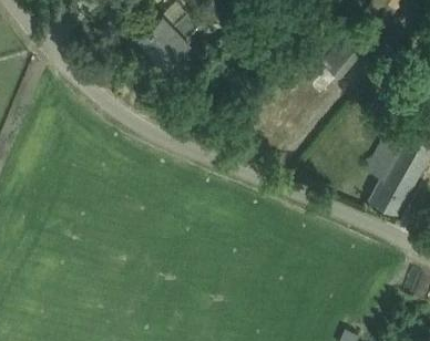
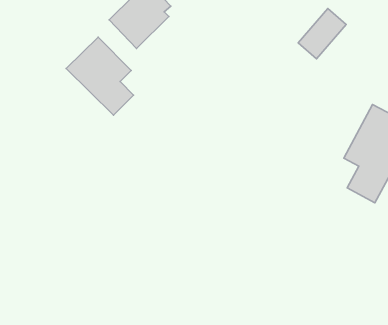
building: none -> [66,37,134,115]

